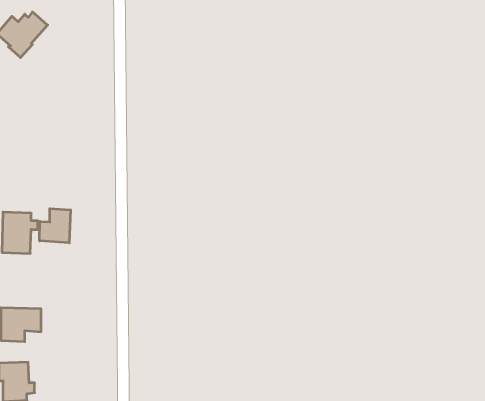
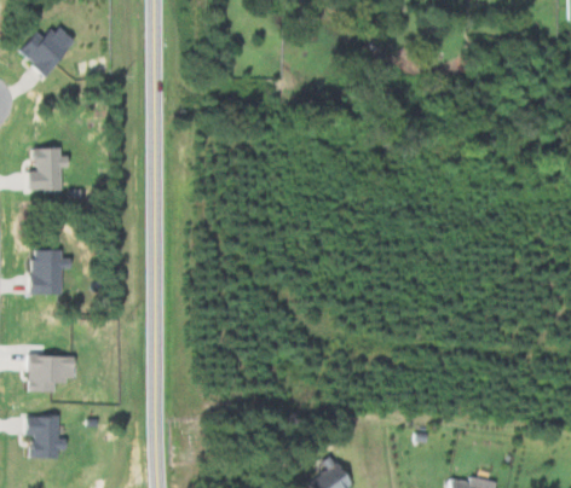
building: none -> [34,145,74,191]
building: [40,209,71,243] -> none

